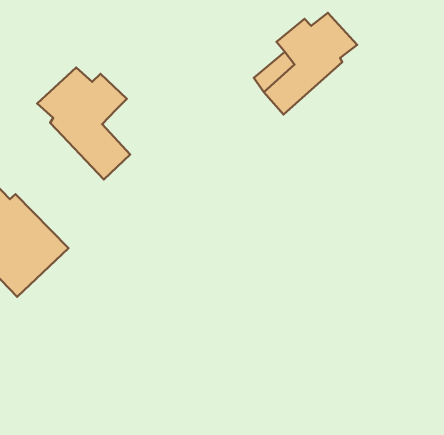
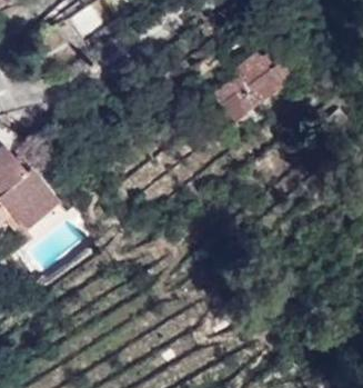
building: [37,67,130,180] -> none

